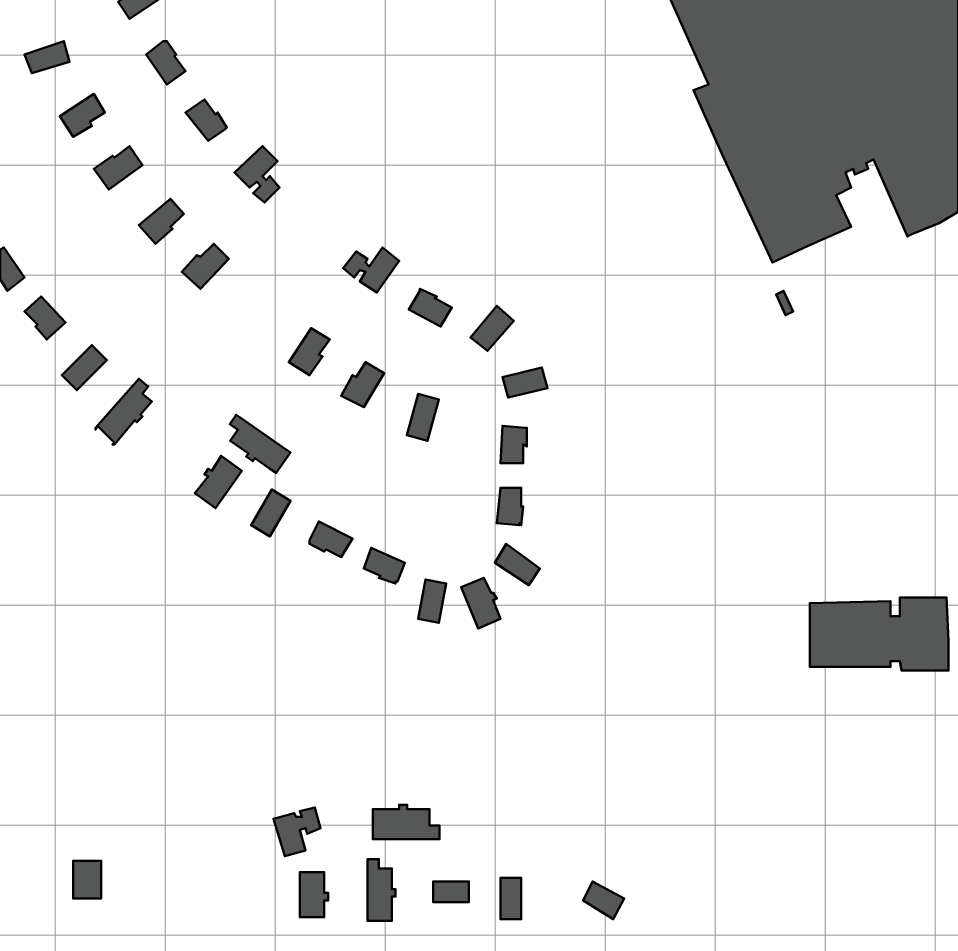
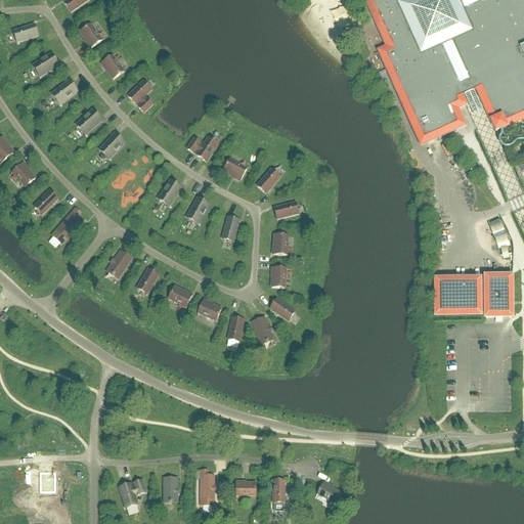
building: [230,415,290,473] -> none
building: [810,597,948,671] -> [436,275,512,315]
building: [373,805,440,839] -> none
building: [274,807,320,856] -> [120,479,145,506]

